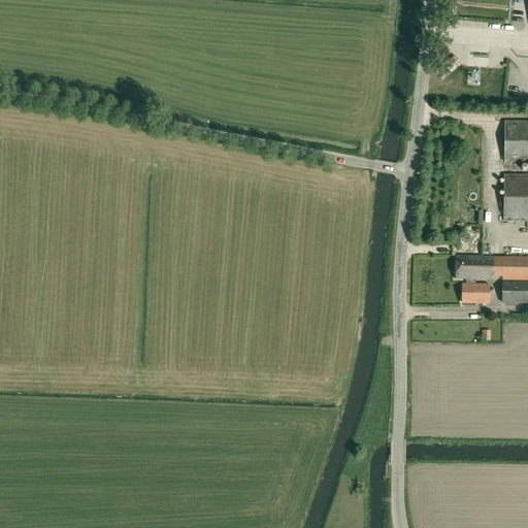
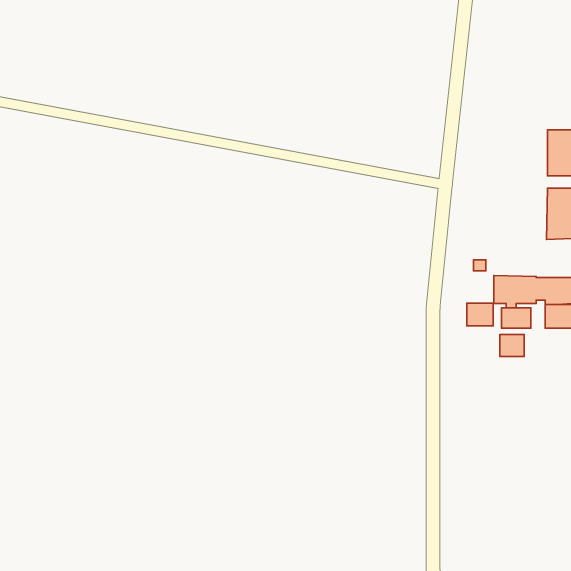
building: none -> [467,303,493,326]
building: none -> [500,334,524,356]

